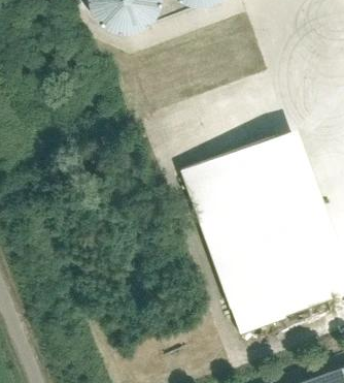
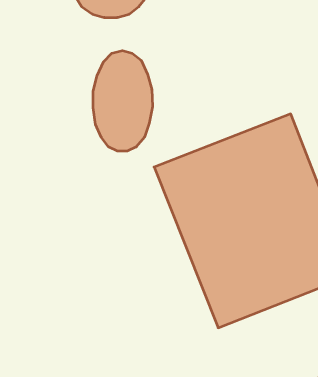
building: none -> [93,51,153,151]

